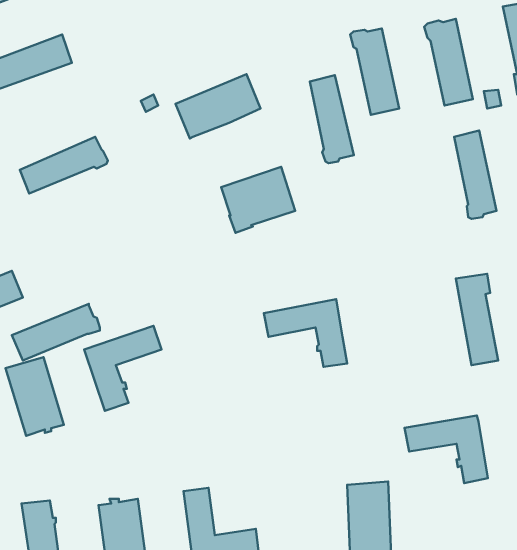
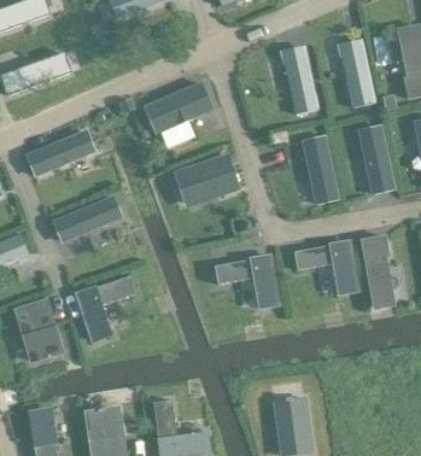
building: [310,75,354,163] -> [303,135,337,203]
building: [12,304,100,360] -> [53,197,121,240]
building: [404,415,488,483] -> [293,241,357,293]

